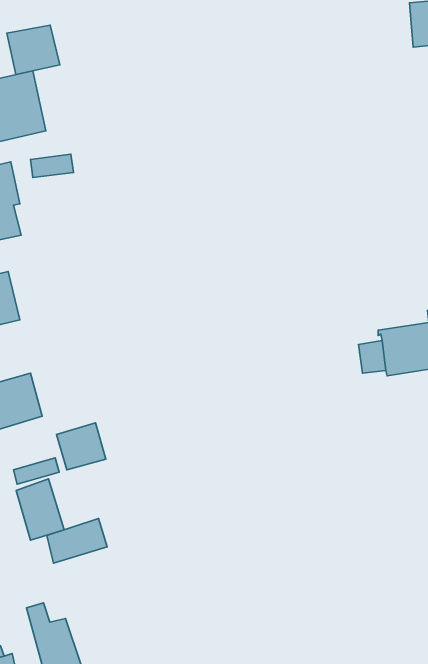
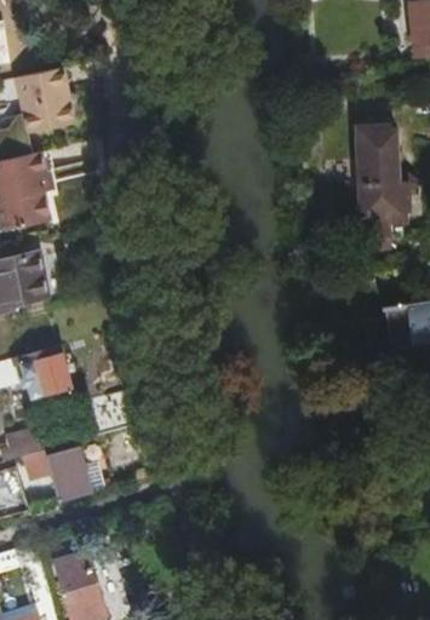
building: [7,25,60,74] -> none
building: none -> [363,130,417,239]
building: [47,519,107,563] -> none

